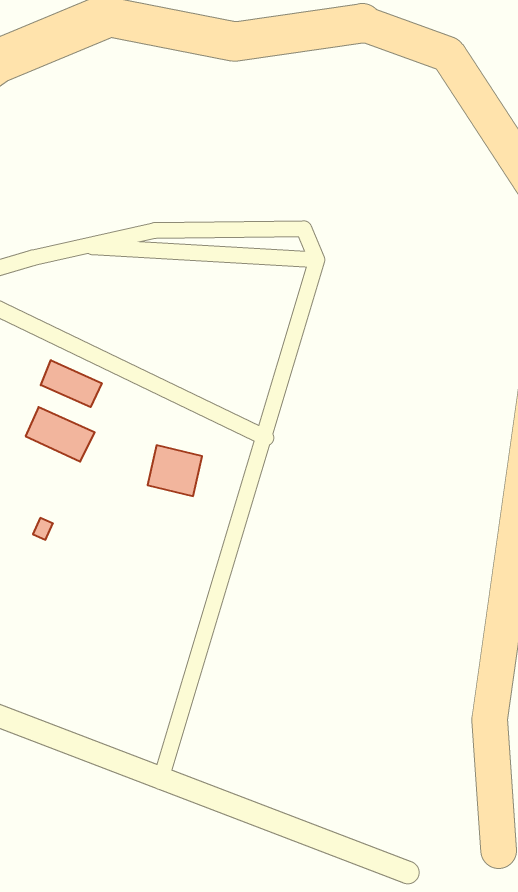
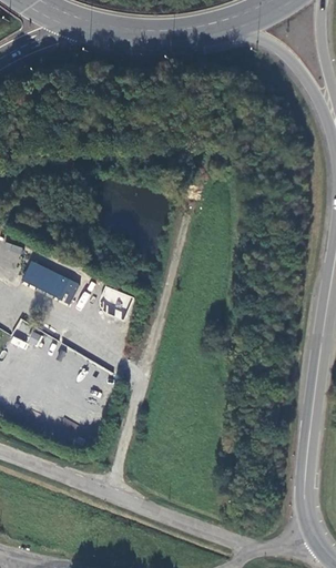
building: [41,360,102,407] -> none

